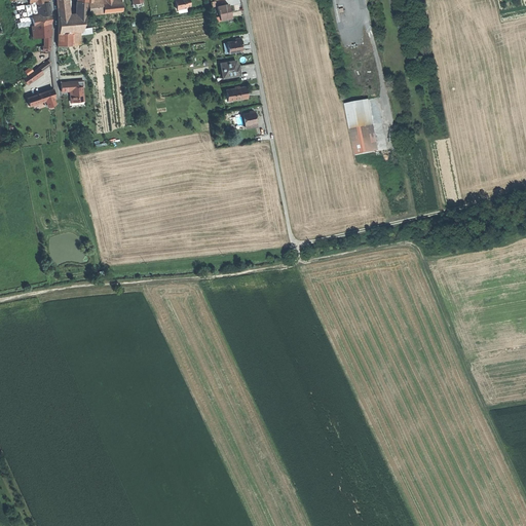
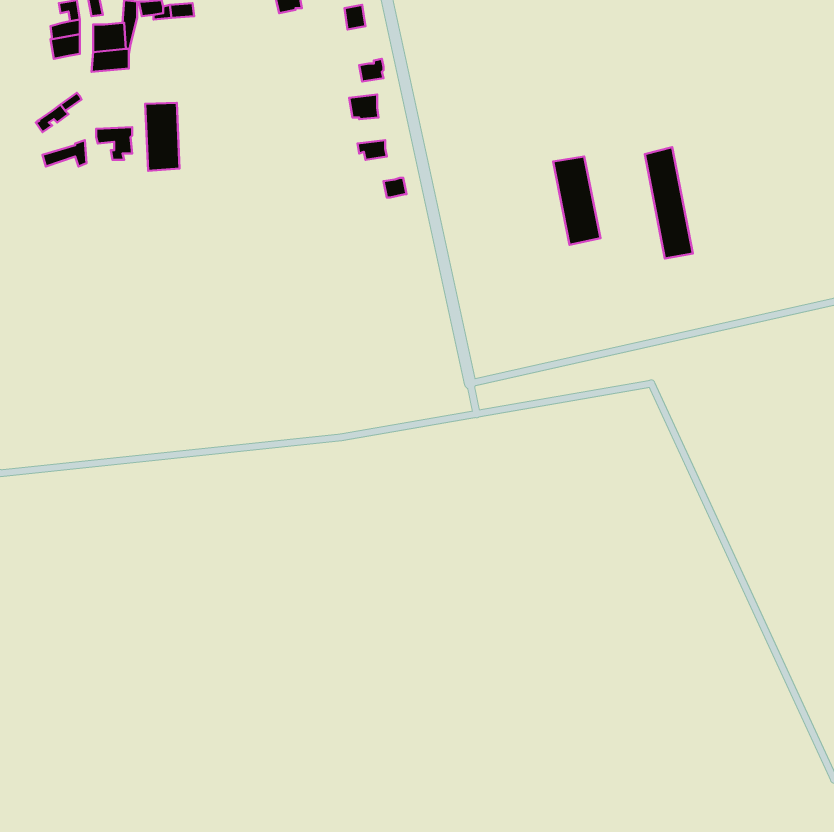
building: none -> [145,103,179,171]
building: none -> [645,147,693,258]

